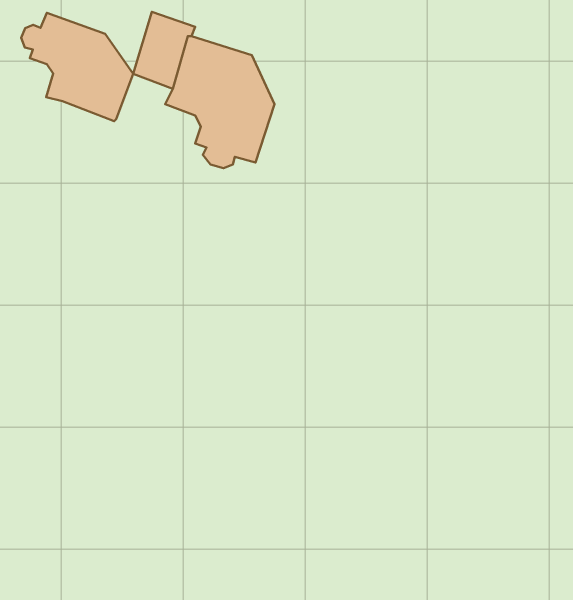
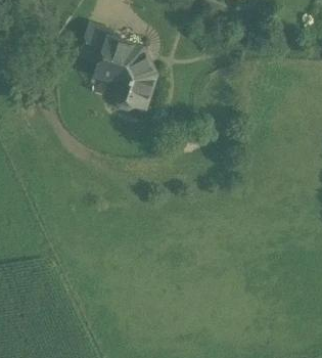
building: [21,13,133,121] -> none

